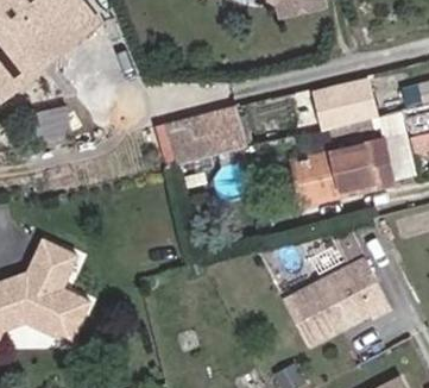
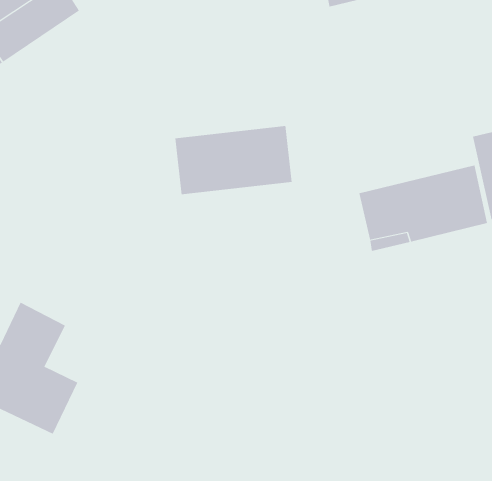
building: [314,75,380,130] -> none
building: [285,258,391,344] -> none

